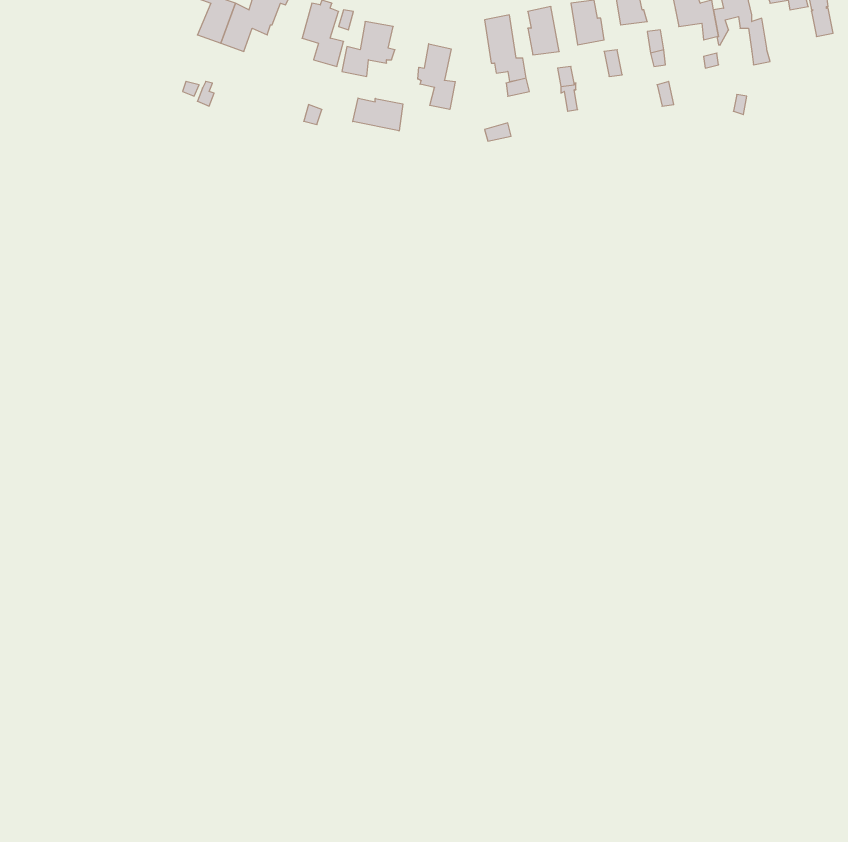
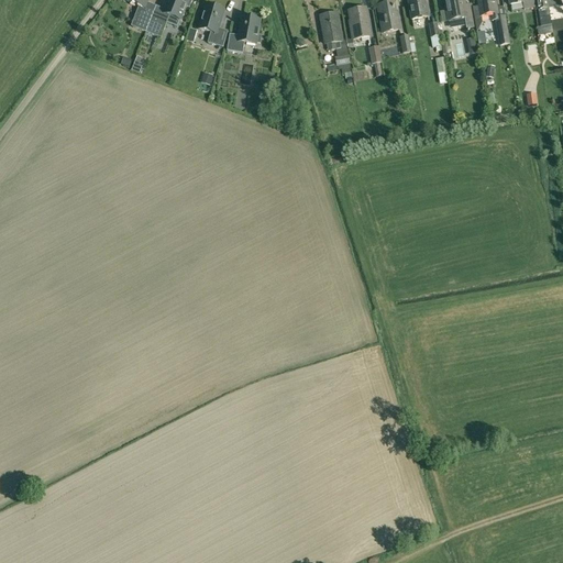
building: [418,44,455,109] -> none
building: [353,98,403,131] -> none

